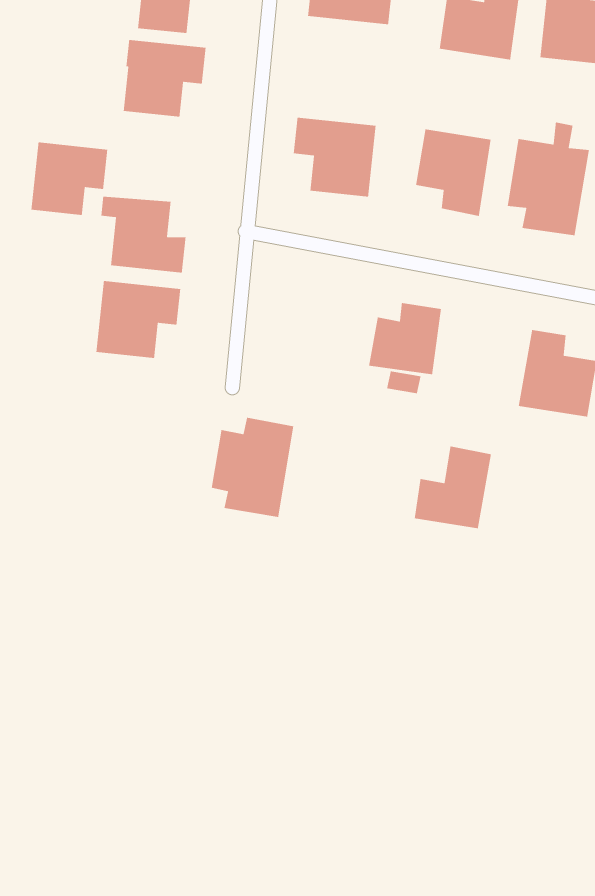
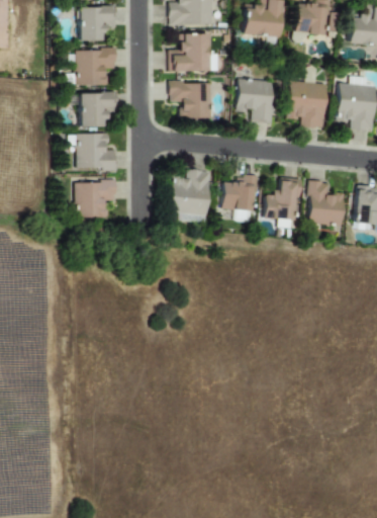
building: none -> [171,32,210,72]
building: [30,142,108,216] -> [79,91,117,128]
building: [211,417,294,518] -> [169,170,210,223]
building: [414,446,492,529] -> [263,177,301,221]

